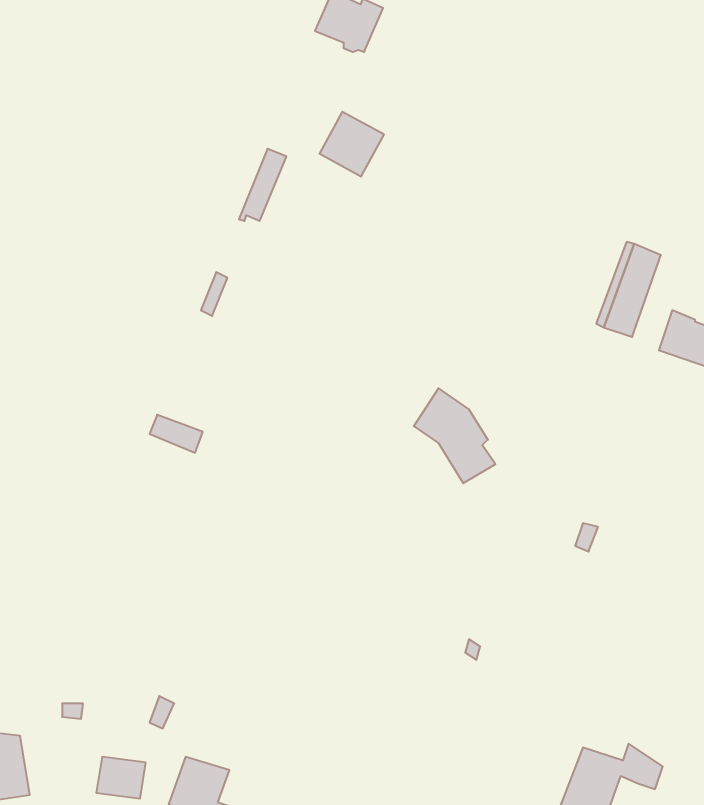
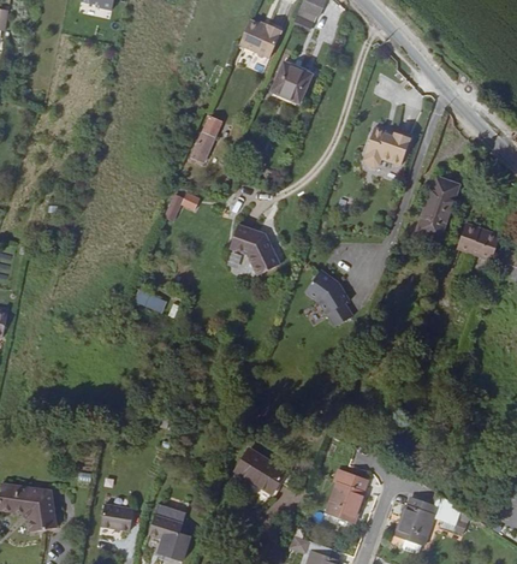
building: [319,112,384,176] -> [271,59,311,100]
building: none -> [367,121,412,162]
building: none -> [230,220,279,269]
building: none -> [233,450,283,494]
building: none -> [325,471,366,523]

